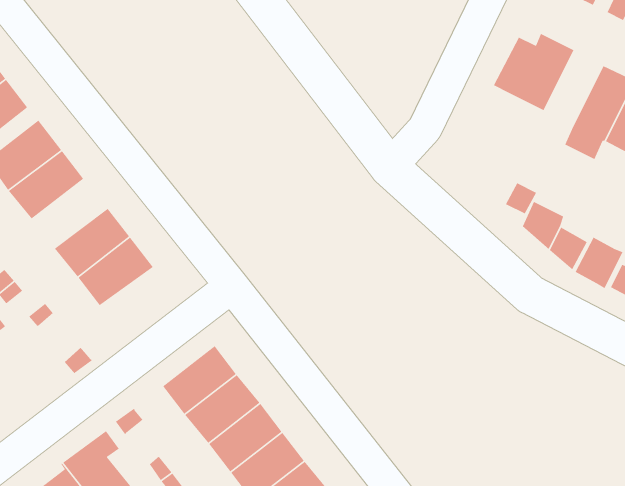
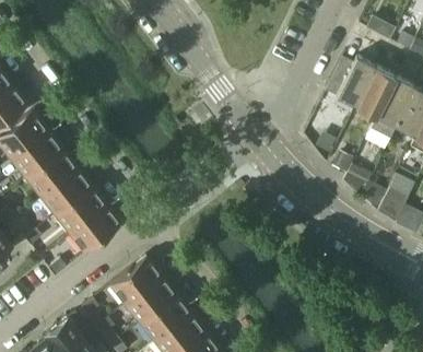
building: none -> [357,68,396,117]
building: none -> [27,151,77,196]
building: none -> [71,208,120,253]

